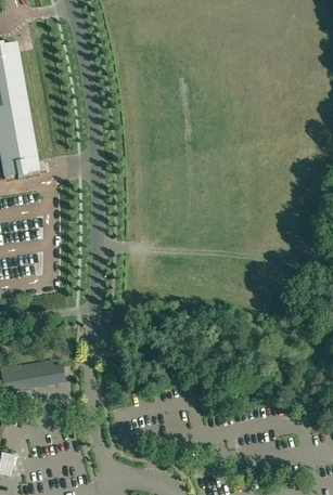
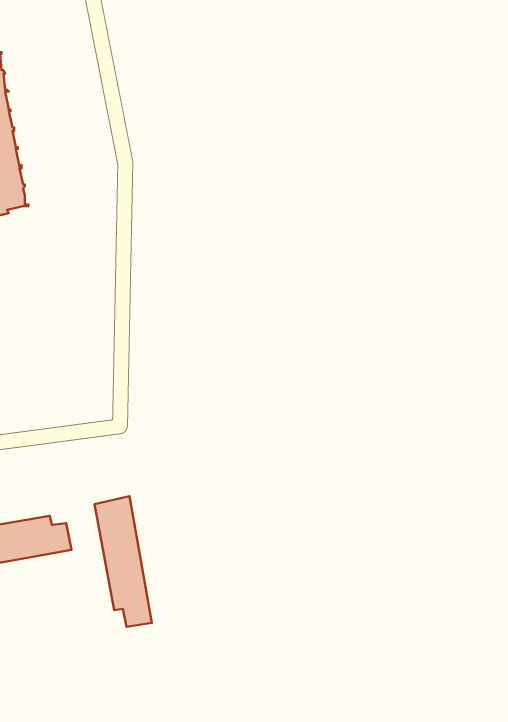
building: none -> [95,496,152,627]

